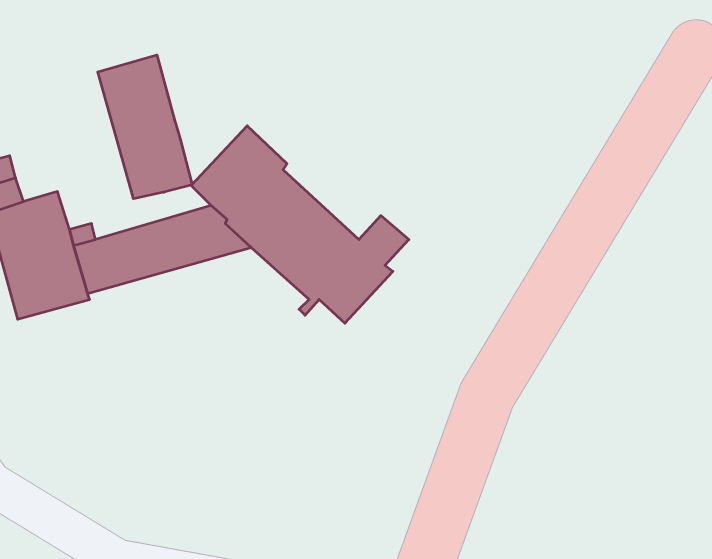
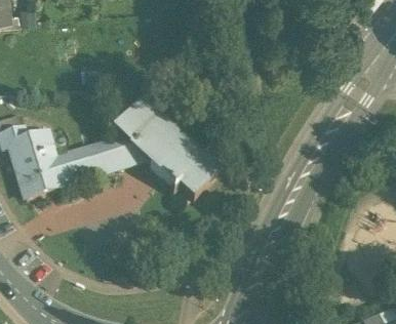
building: [98,55,192,199] -> none

